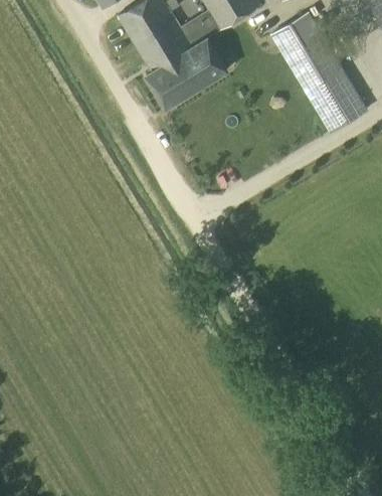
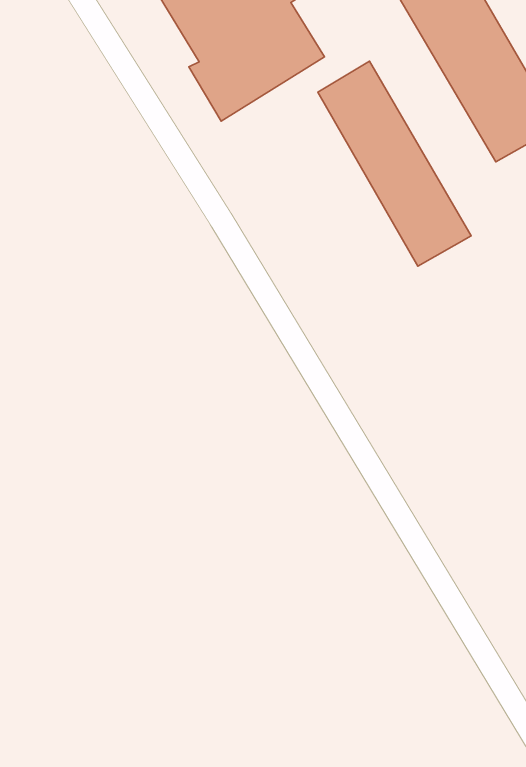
building: none -> [318,61,471,266]

